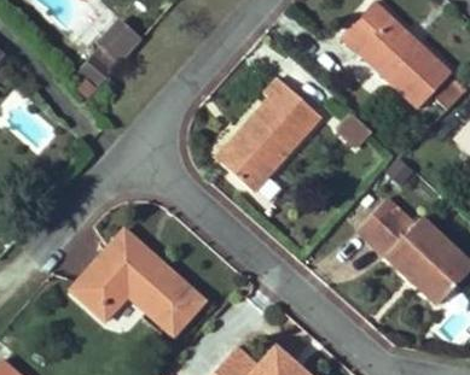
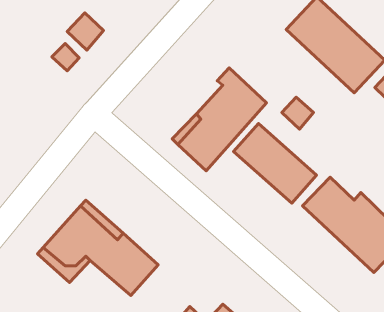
building: none -> [234,124,317,203]

